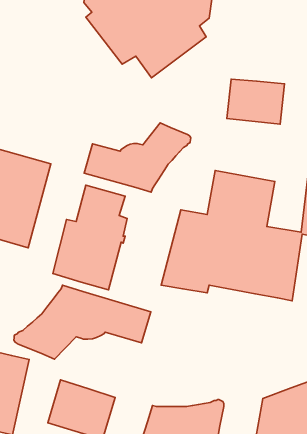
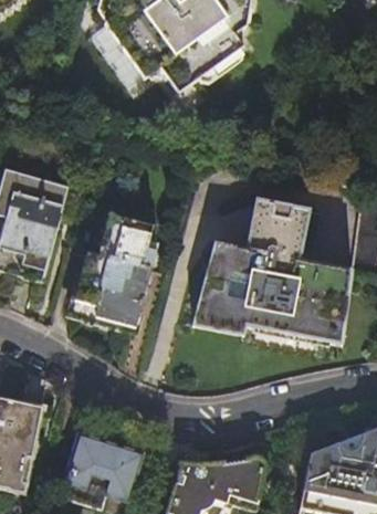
building: [227,79,285,124] -> none
building: [84,123,191,192] -> none
building: [14,285,151,359] -> none

